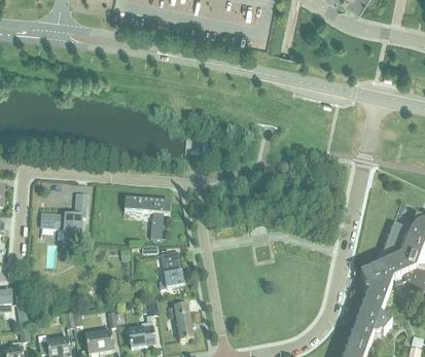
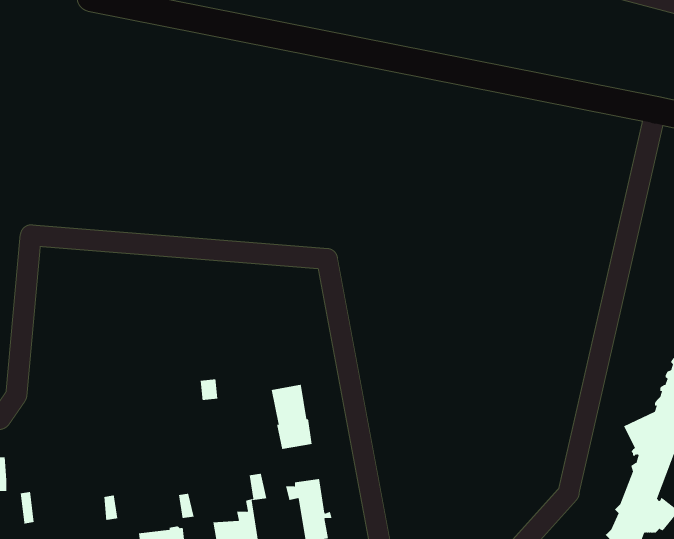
building: [40,195,85,242] -> none
building: [123,199,170,239] -> none

